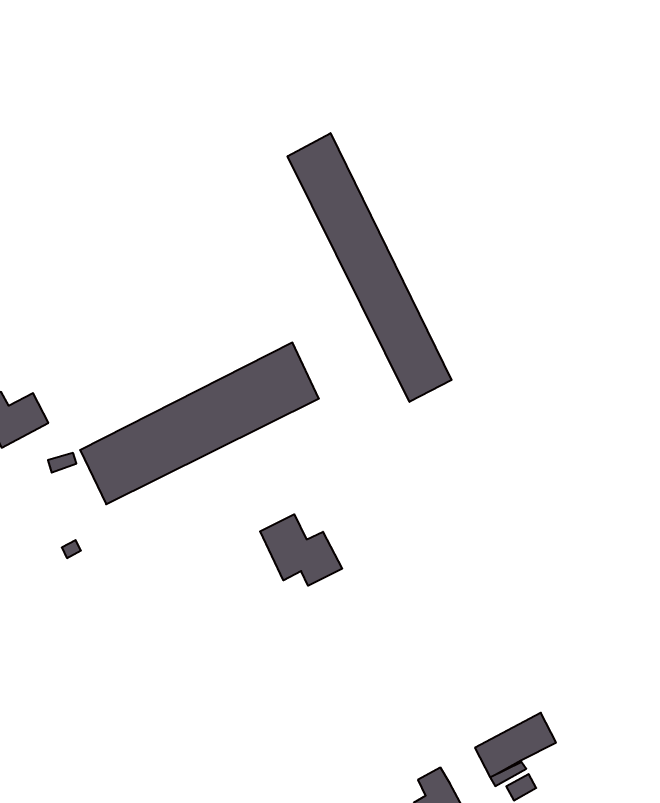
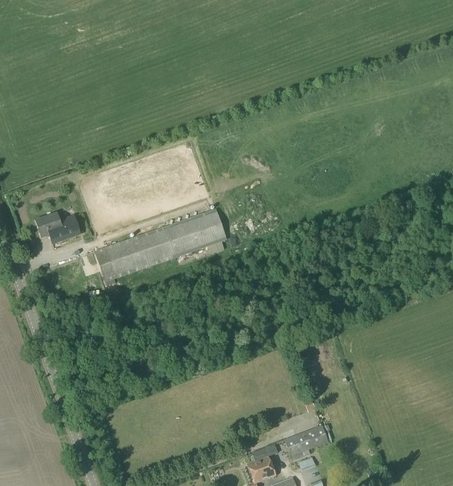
building: [288,133,452,402] -> none
building: [260,514,342,586] -> none

